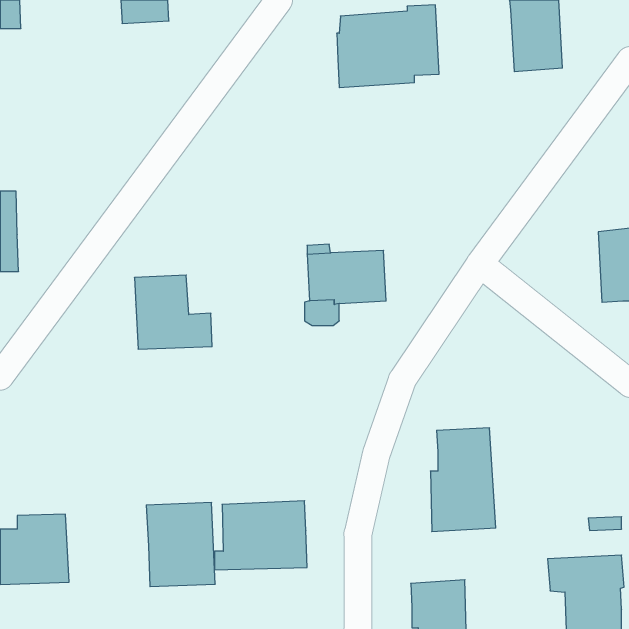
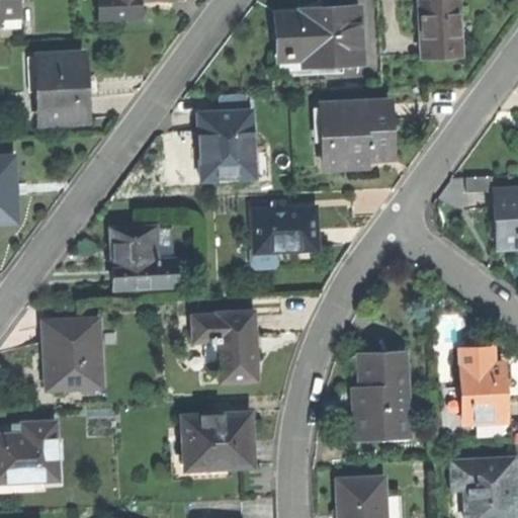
building: none -> [37,55,86,123]
building: none -> [321,100,392,168]
building: none -> [198,110,262,181]
building: none -> [192,311,258,381]
building: none -> [457,345,507,421]
building: [146,503,215,587] -> [45,320,101,388]

